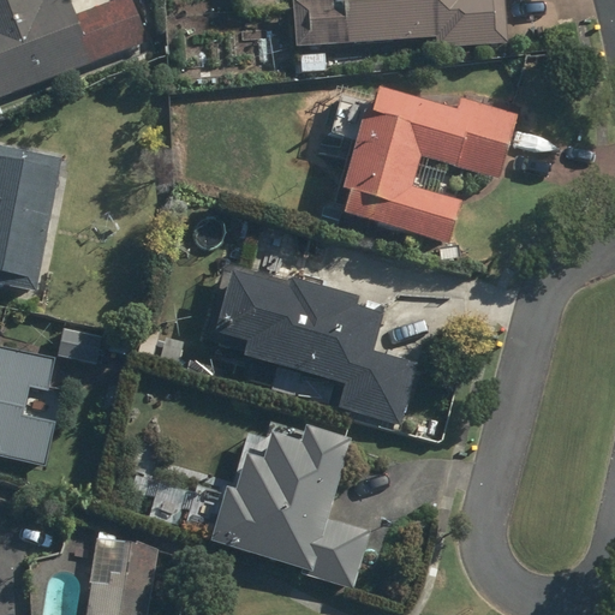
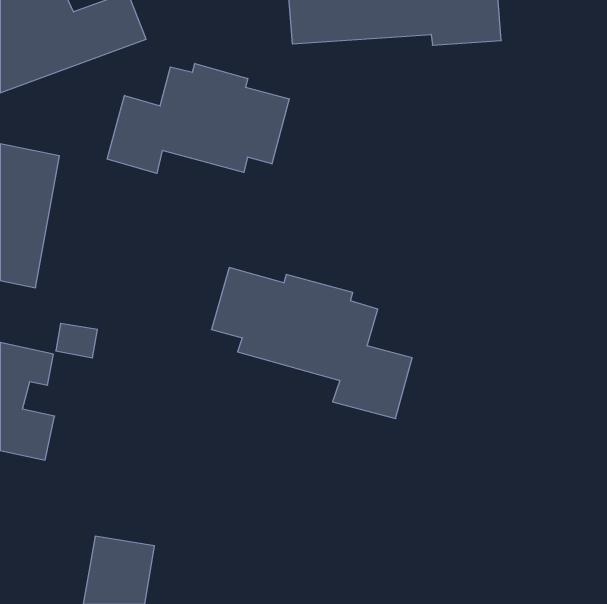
building: none -> [107,63,289,173]
building: [330,86,517,241] -> none
building: [209,424,371,581] -> none

